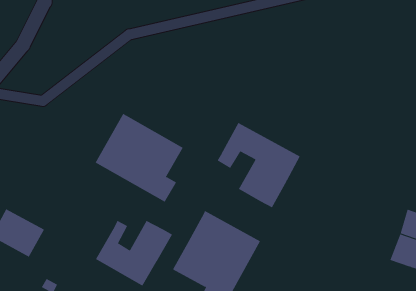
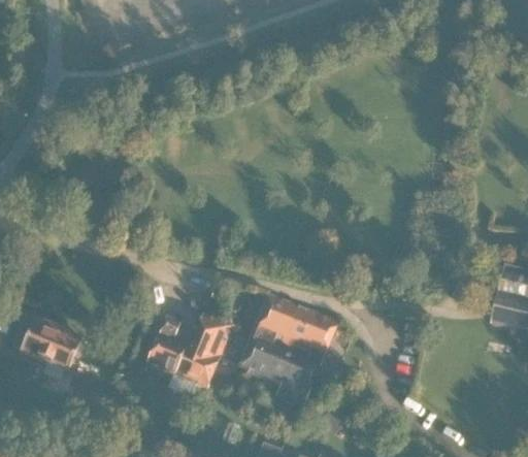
building: [95,113,184,202] -> none
building: [217,122,300,208] -> none

